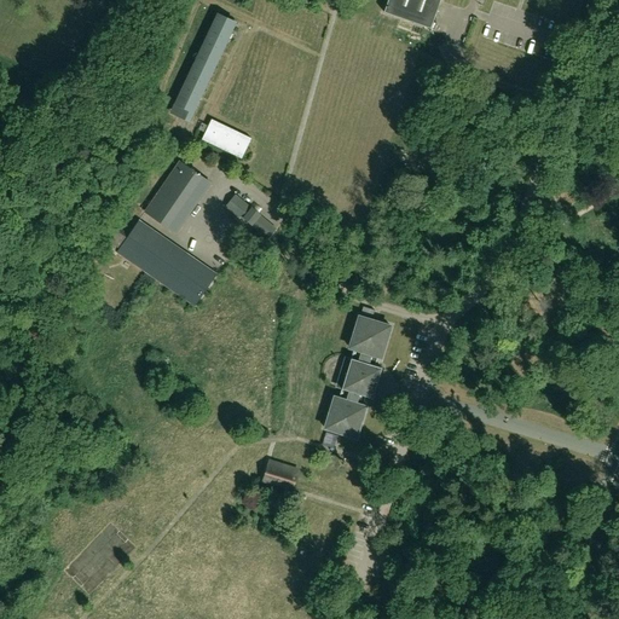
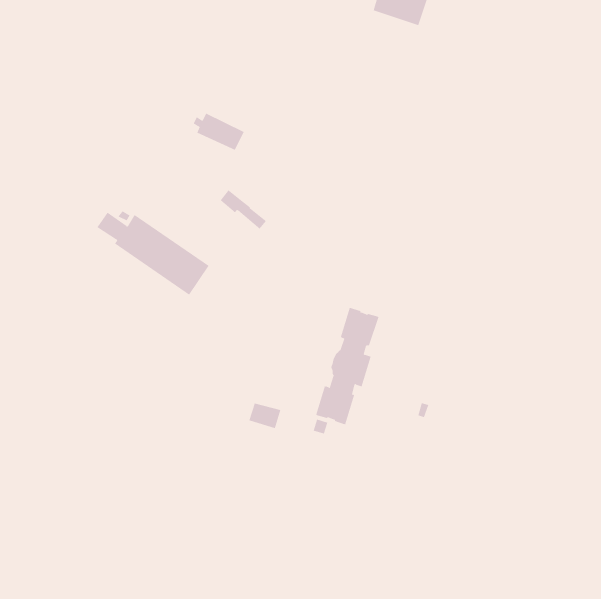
building: [173,12,235,120] -> none
building: [145,161,210,231] -> none
building: [264,461,297,487] -> [248,403,281,429]

